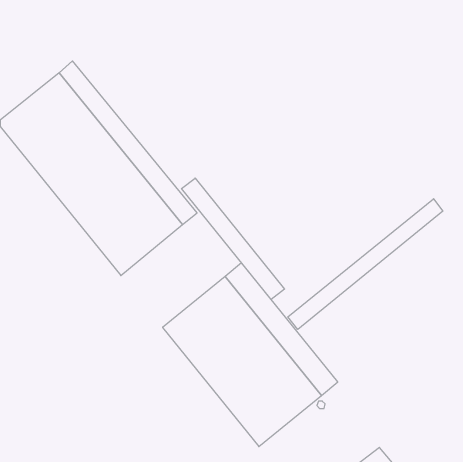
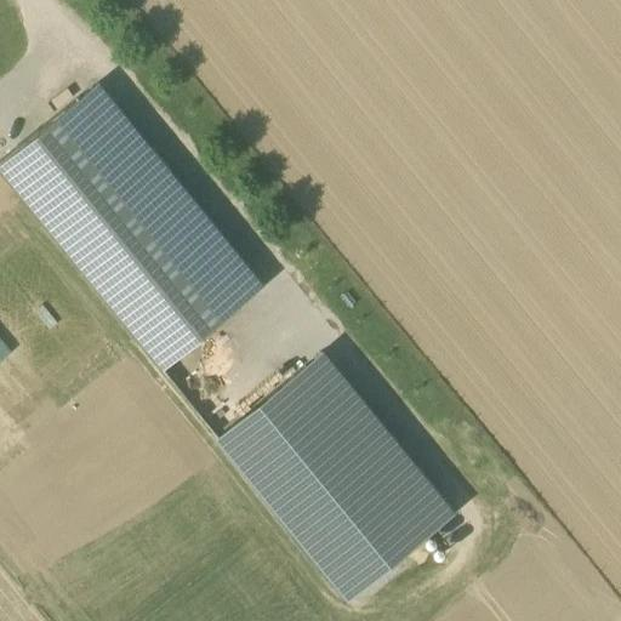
building: [182,178,285,300] -> none
building: [288,199,443,329] -> none

